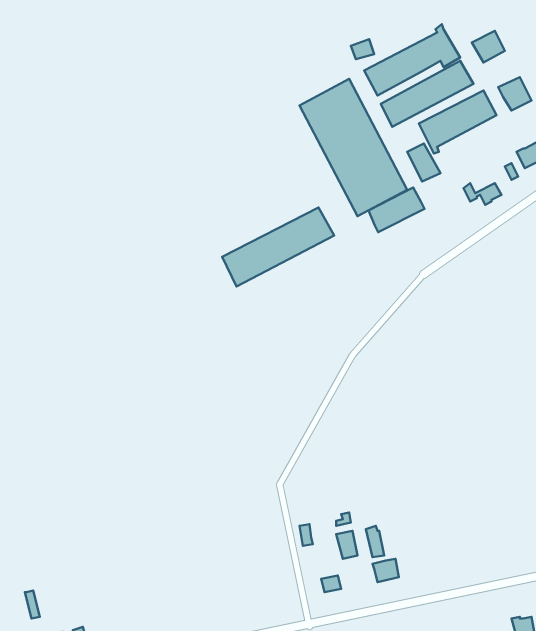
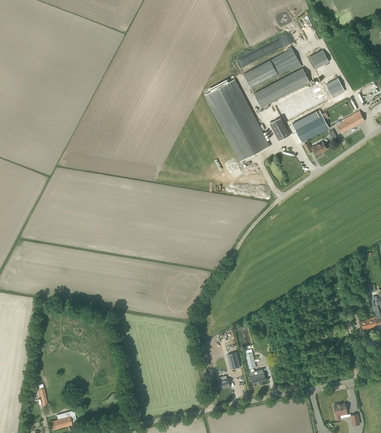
building: [368,187,425,232] -> [295,115,329,142]
building: [222,207,334,286] -> none

